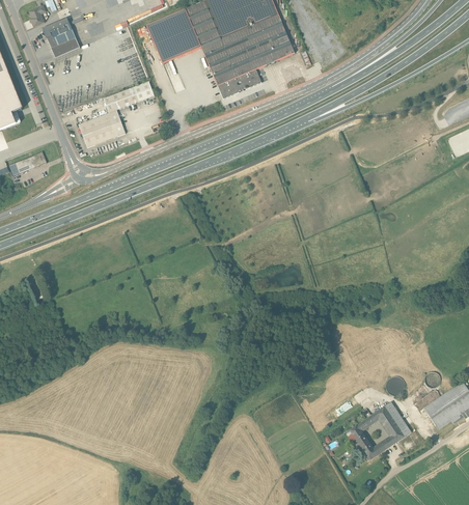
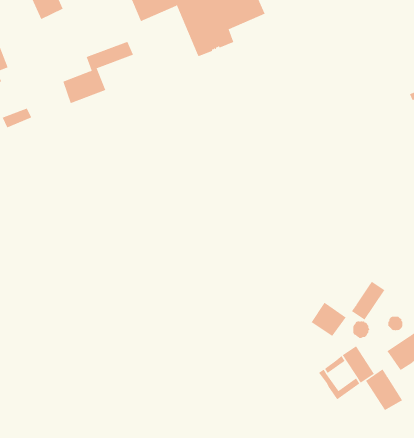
building: none -> [351,281,385,321]
building: none -> [311,302,346,337]
building: none -> [365,369,403,411]

